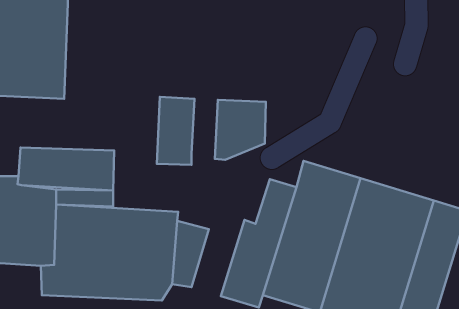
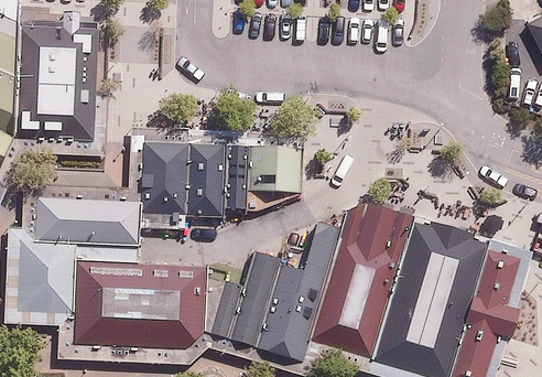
building: none -> [141,136,189,223]
building: none -> [224,140,249,202]
building: none -> [224,251,284,354]

